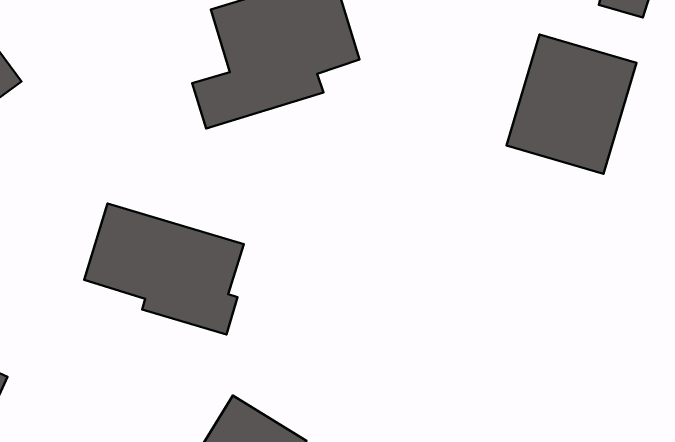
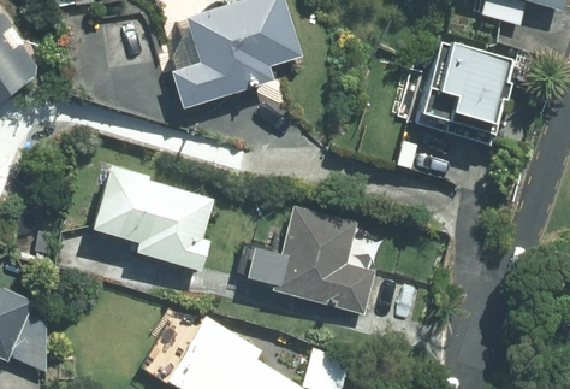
building: none -> [243,207,375,314]

